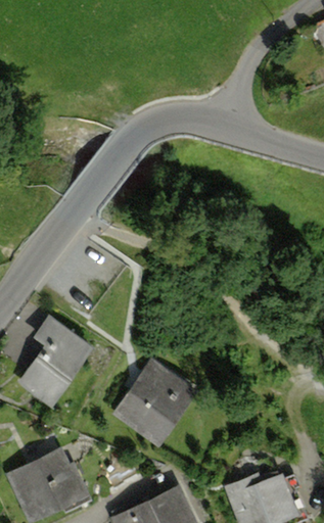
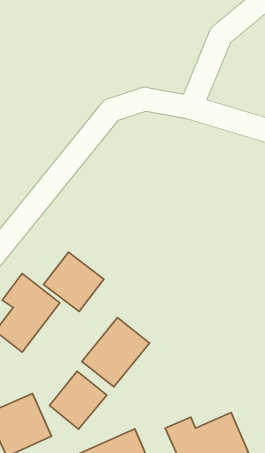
building: none -> [44,252,104,311]
building: none -> [49,371,107,429]

